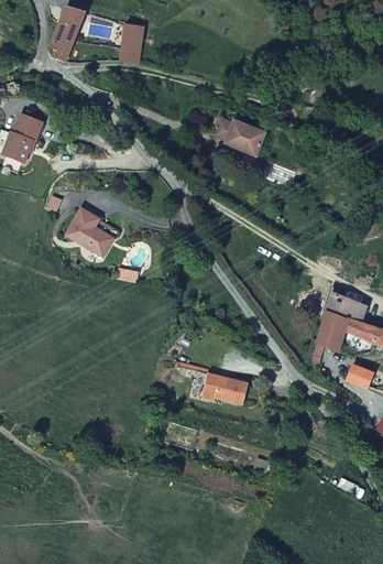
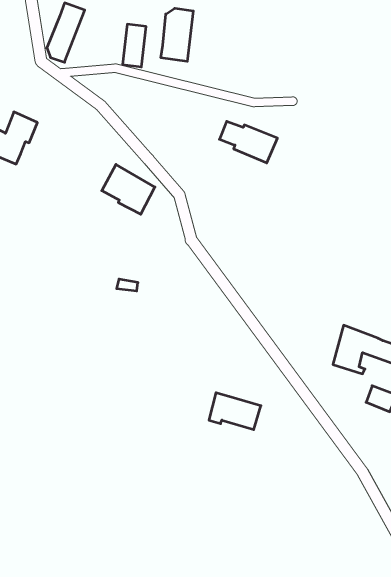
building: none -> [161,8,193,61]
building: [65,207,114,253] -> [102,164,155,214]
building: [327,286,363,321] -> none

